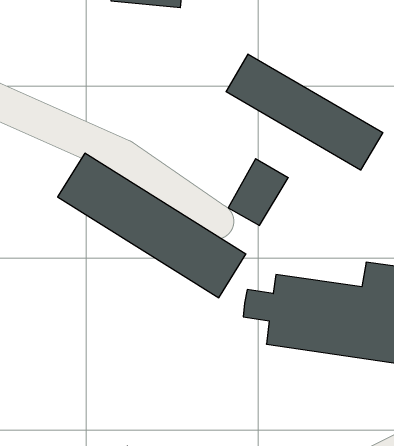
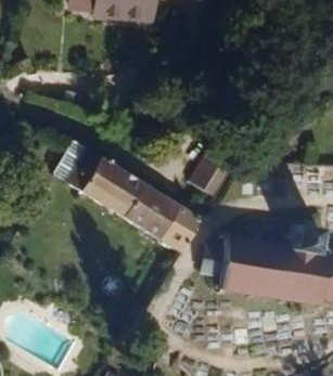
building: [226,54,383,170] -> none

